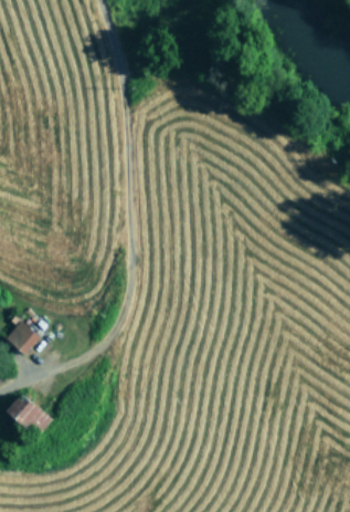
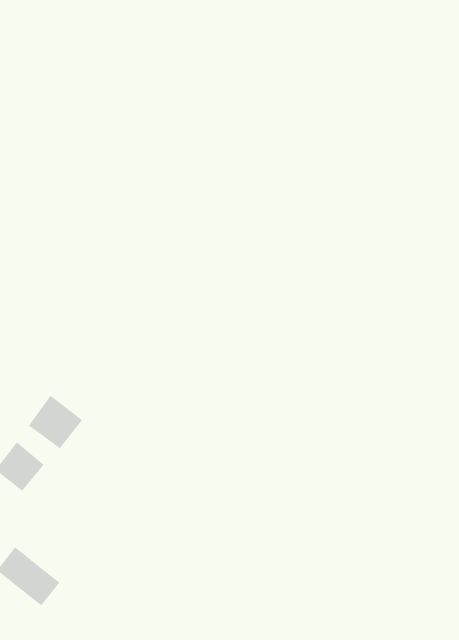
building: none -> [28,395,83,449]

